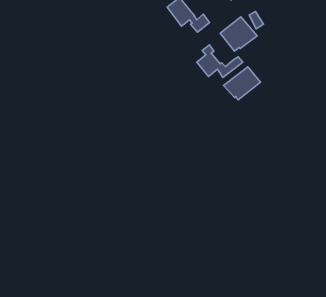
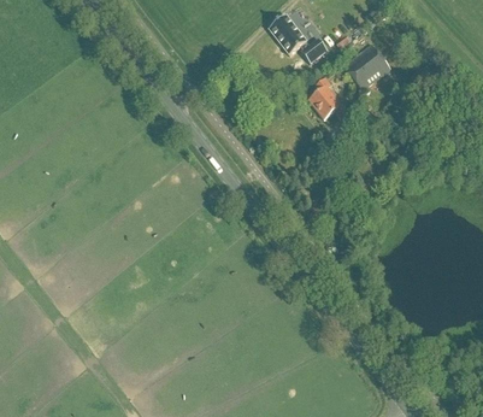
building: [224,67,260,100] -> none

